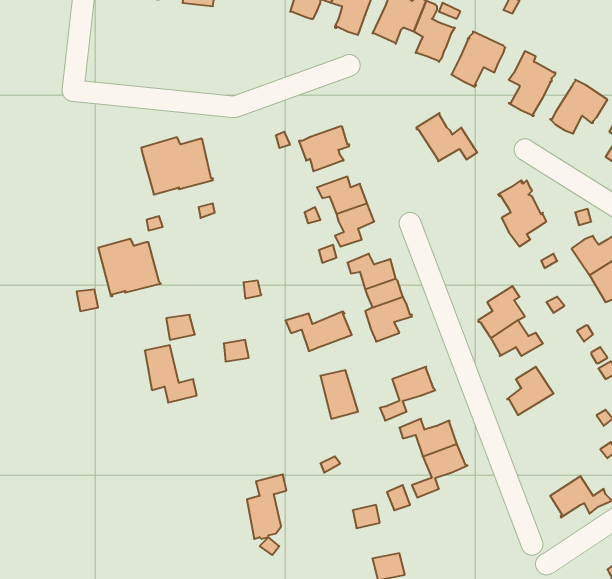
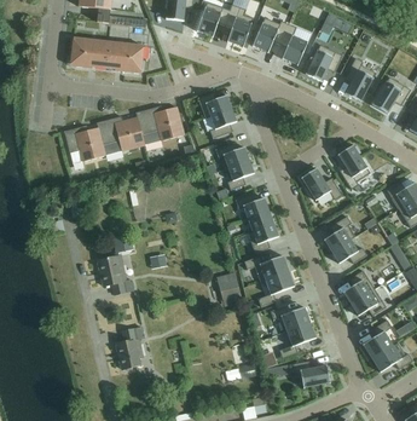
building: none -> [70,36,144,73]
building: none -> [198,91,231,117]
building: [416,113,477,161] -> [301,167,342,200]
building: none -> [135,105,184,143]
building: [98,239,161,296] -> [64,125,106,163]
building: [285,312,352,351] -> [244,254,289,281]
building: none -> [351,288,387,315]
building: none -> [363,319,393,357]
building: [247,474,286,539] -> [117,325,144,369]
building: none -> [293,361,330,387]

